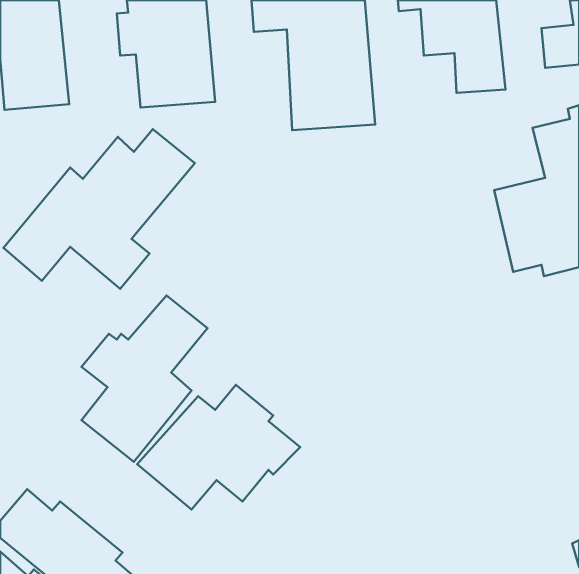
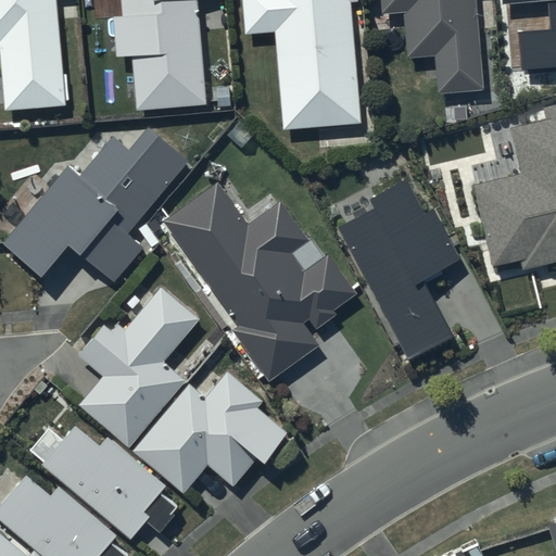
building: none -> [334,176,459,359]
building: none -> [161,180,354,381]
building: none -> [40,424,175,541]

